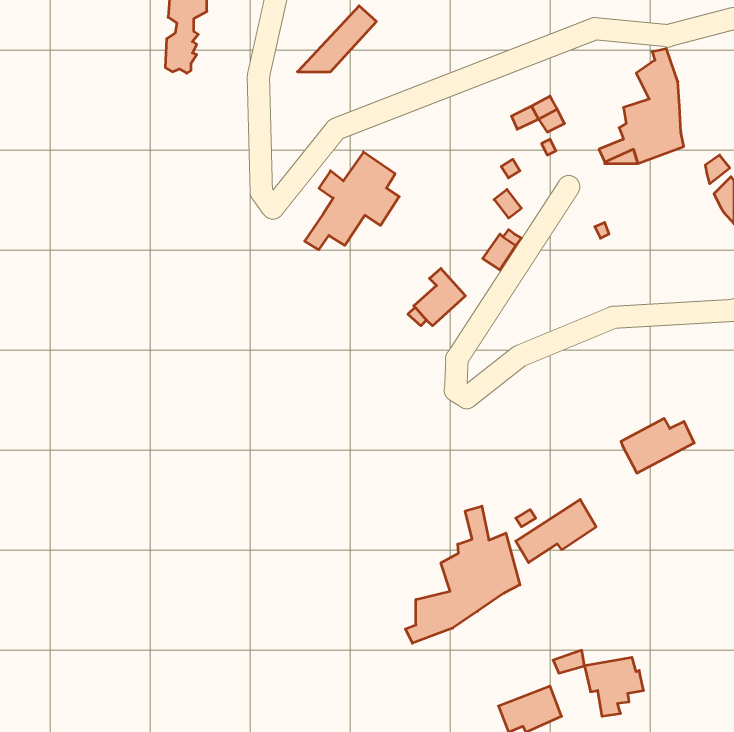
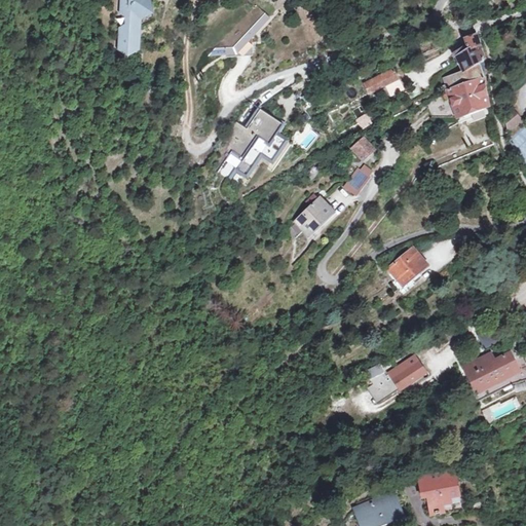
building: none -> [389,248,429,285]
building: [621,418,694,473] -> [465,349,518,388]
building: [405,506,520,643] -> none

